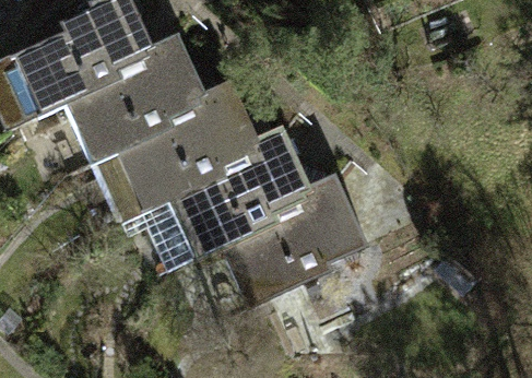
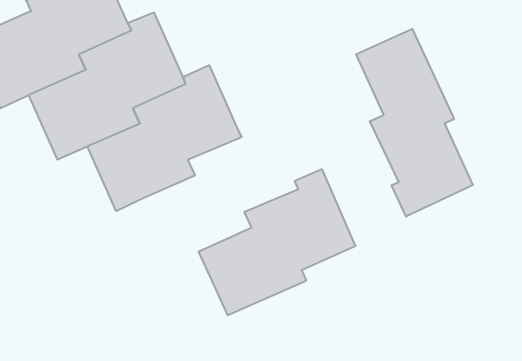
building: none -> [356,29,473,217]
building: [168,130,309,262] -> none

